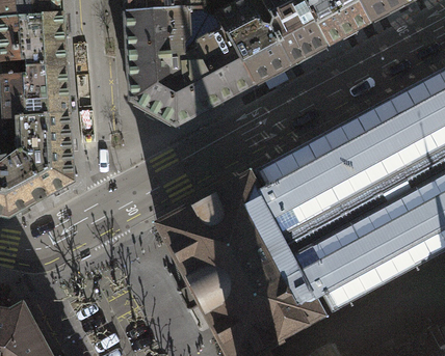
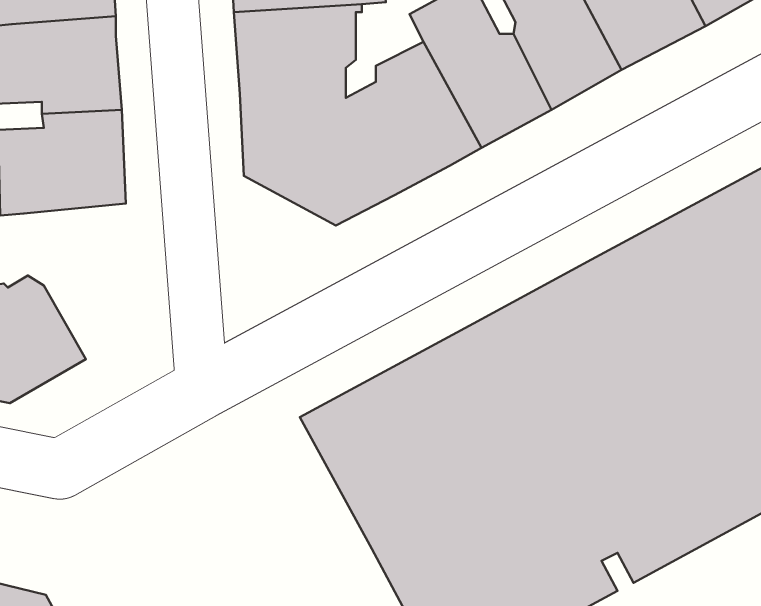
building: [16,113,74,194] -> none

